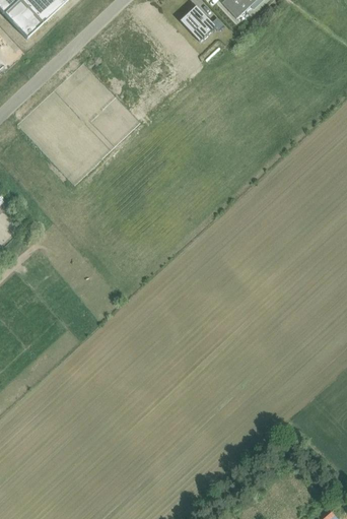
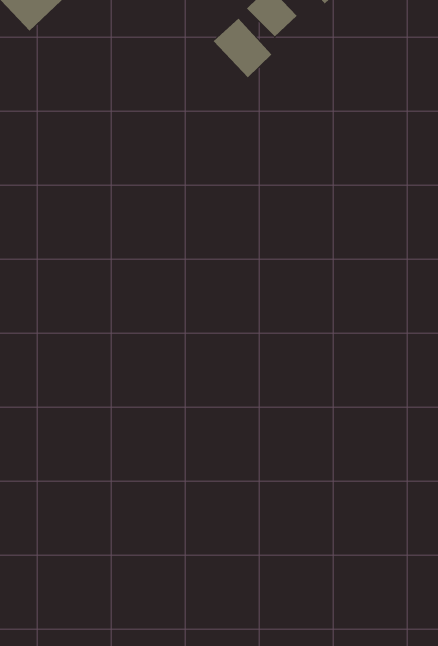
building: none -> [213,18,272,78]

